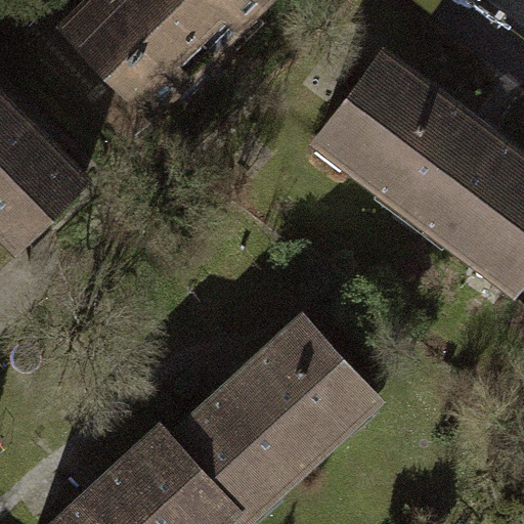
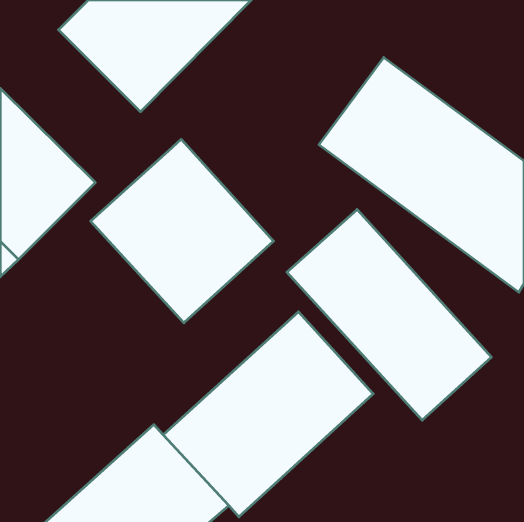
building: none -> [91,139,274,323]
building: none -> [287,209,491,420]

